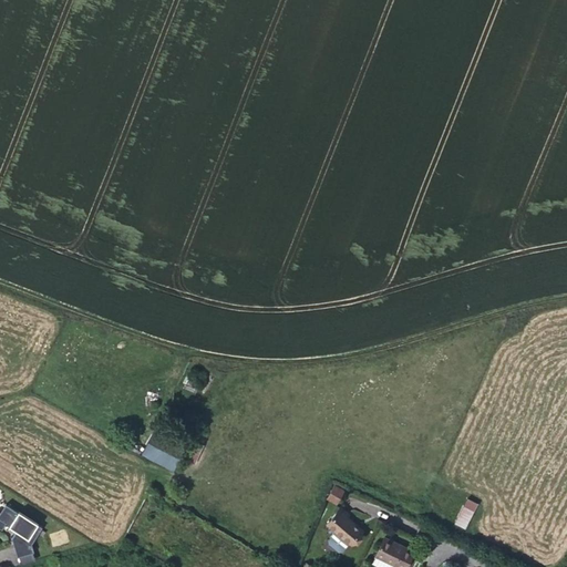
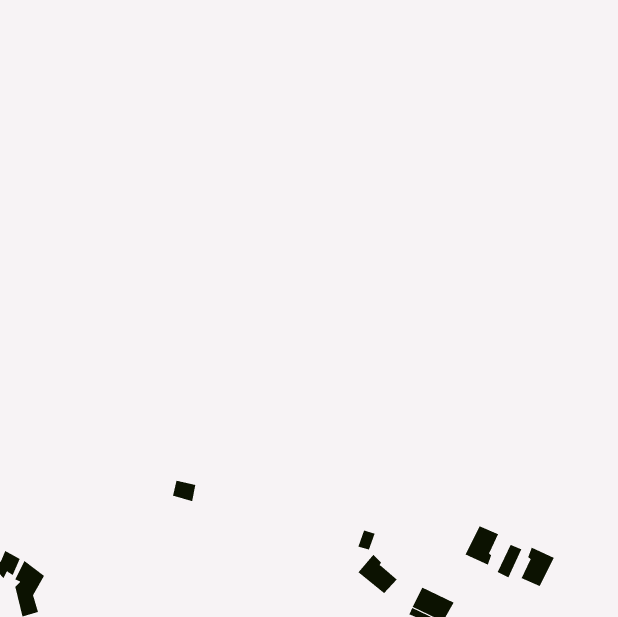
building: none -> [465,525,499,566]
building: none -> [521,547,555,587]

